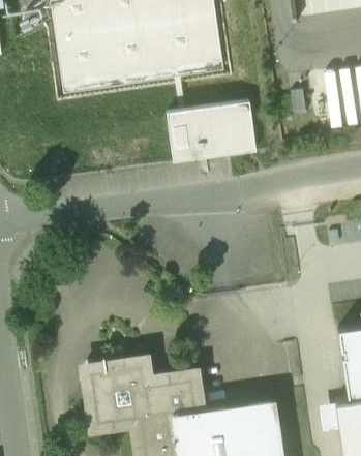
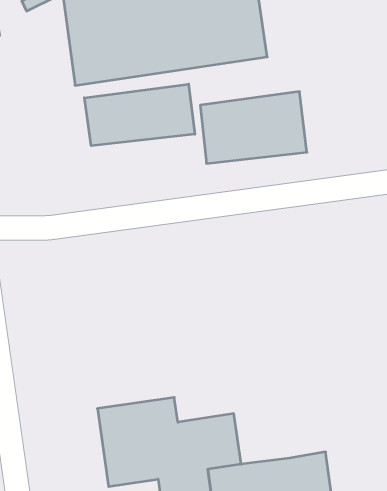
building: none -> [84,84,195,146]

